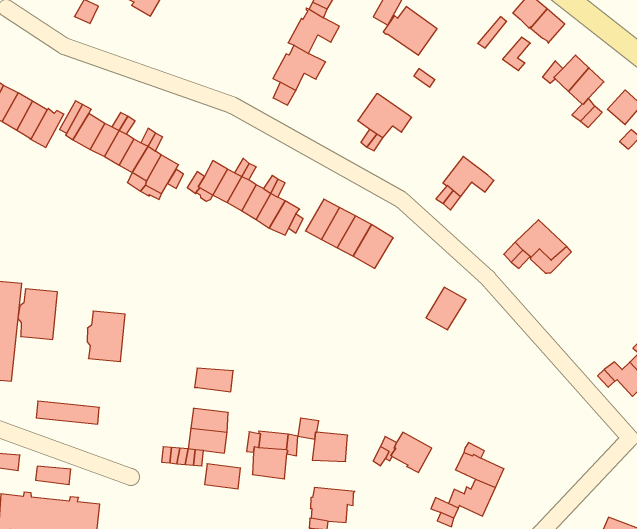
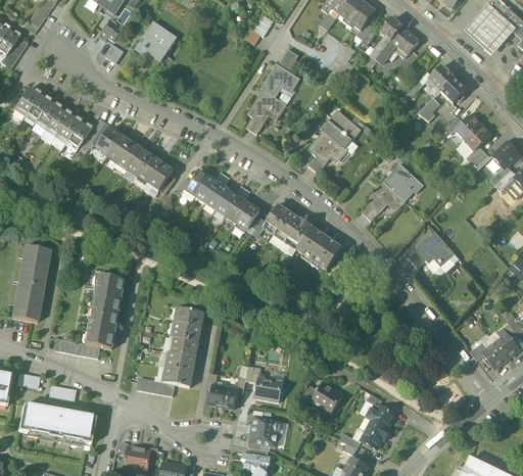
building: [383,6,437,55] -> [321,111,361,148]
building: none -> [383,163,422,197]
building: [426,287,466,330] -> [312,238,342,270]
building: [18,289,57,339] -> [88,310,118,348]
building: none -> [175,307,204,327]
building: [205,464,241,489] -> [171,337,198,358]

